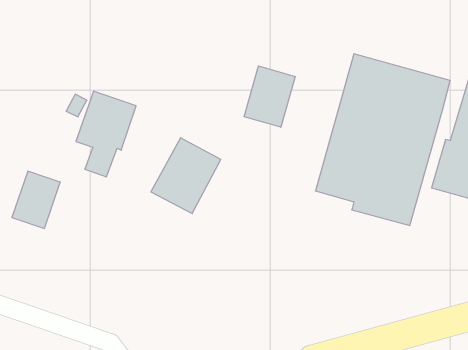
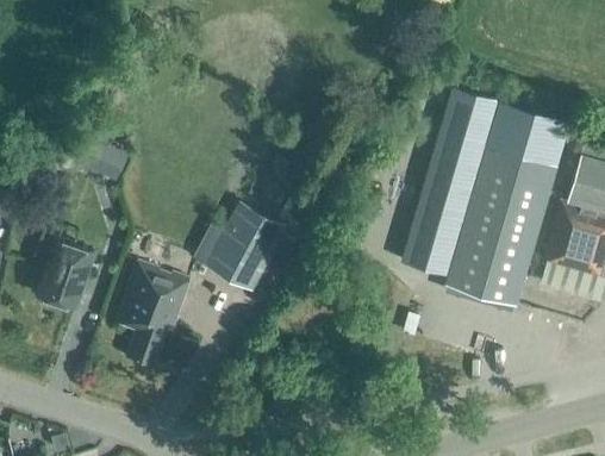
building: [244,66,295,127] -> none
building: [76,91,136,177] -> [117,261,189,364]

